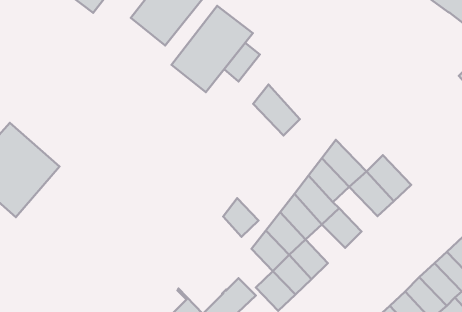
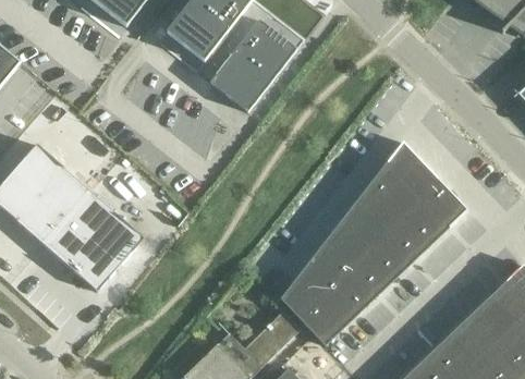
building: [224,43,260,82] -> none
building: [253,85,300,135] -> [387,142,437,196]
building: none -> [44,191,145,292]
building: none -> [383,212,431,260]
building: [223,198,259,237] -> [281,279,319,320]
building: none -> [354,253,396,294]

